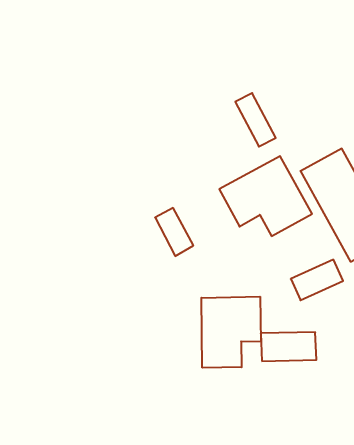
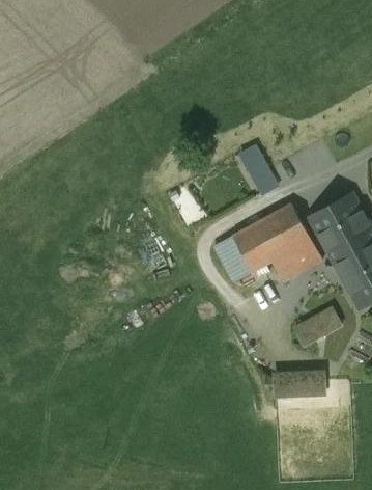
building: [155,208,193,256] -> [212,236,250,282]
building: [201,297,261,368] -> none

